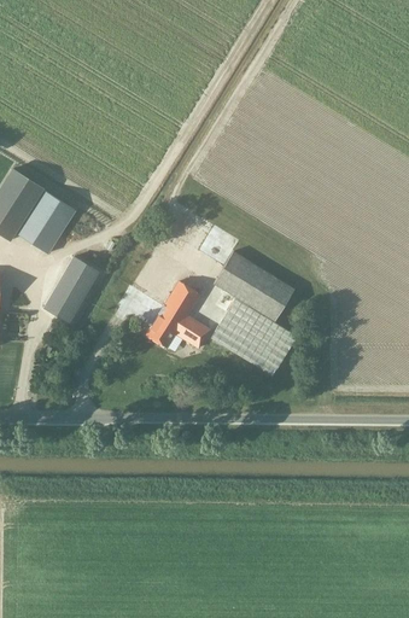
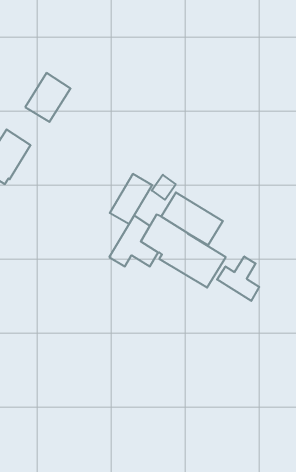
building: [14,190,74,253] -> [25,73,71,122]
building: [42,257,98,322] -> [110,174,152,224]
building: none -> [217,256,259,301]

